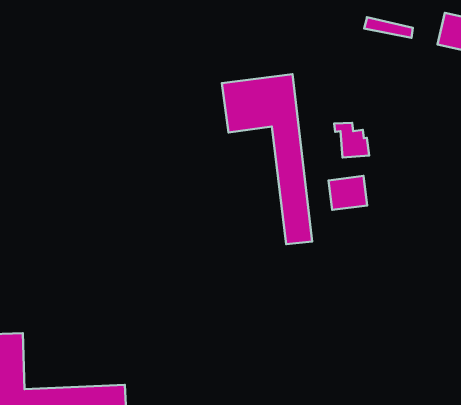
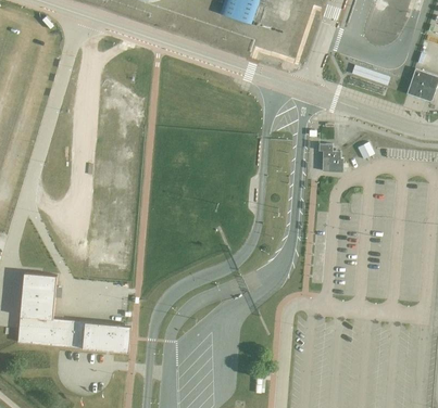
building: [222,74,312,244] -> none
building: [328,176,367,210] -> none

